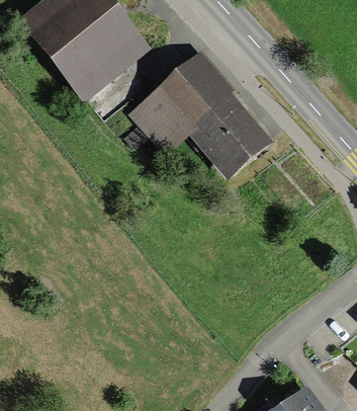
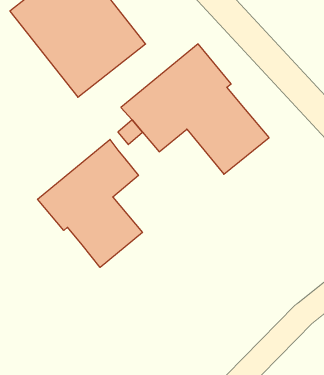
building: none -> [38,139,142,267]

